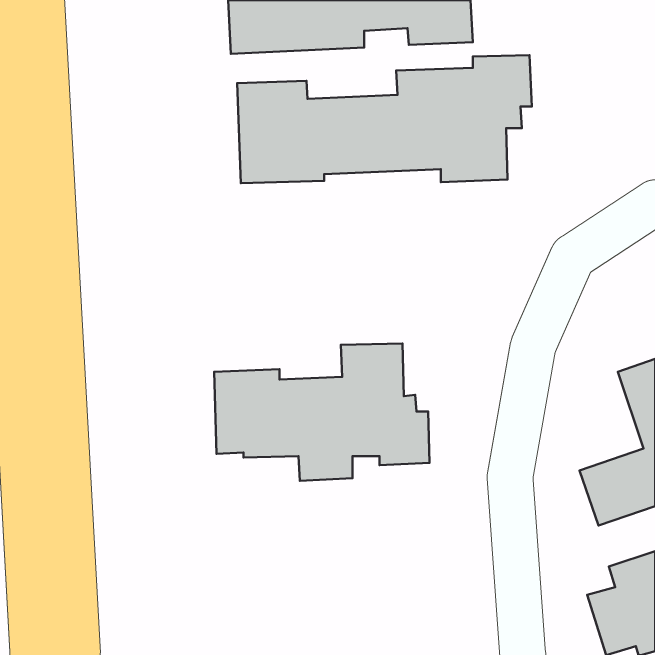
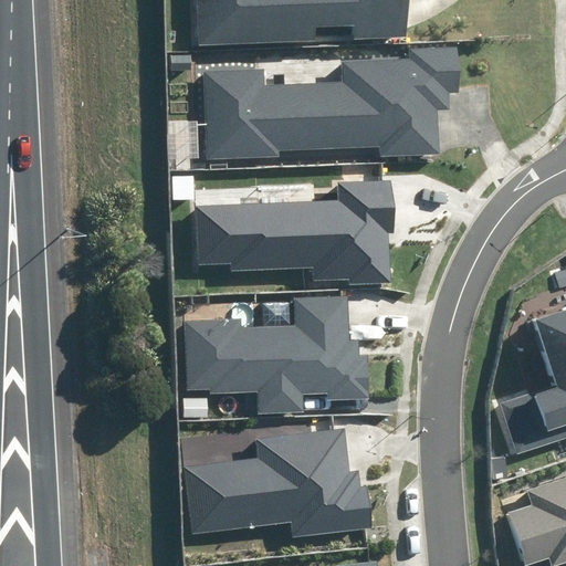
building: none -> [195,181,396,285]
building: none -> [181,429,370,537]

